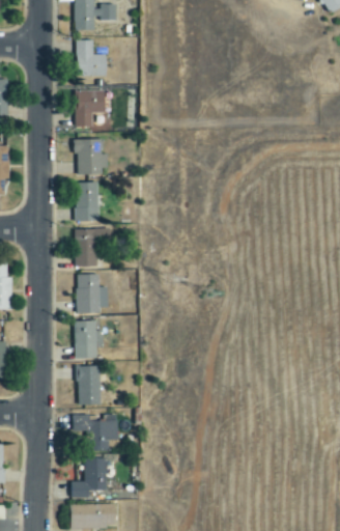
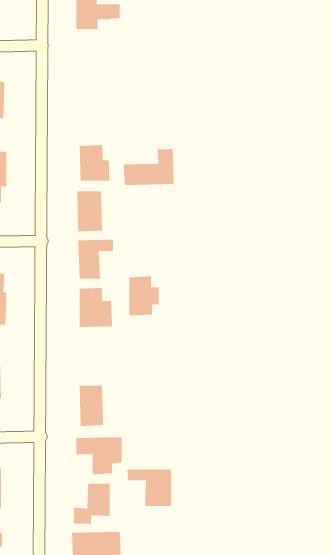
building: [79,41,107,77] -> none
building: [74,90,105,127] -> none
building: none -> [123,148,174,186]
building: [75,320,104,359] -> [129,276,159,316]
building: none -> [127,469,172,507]

